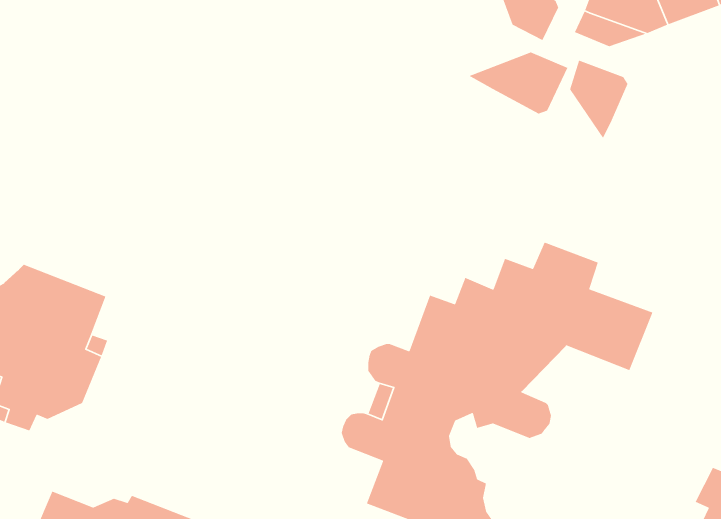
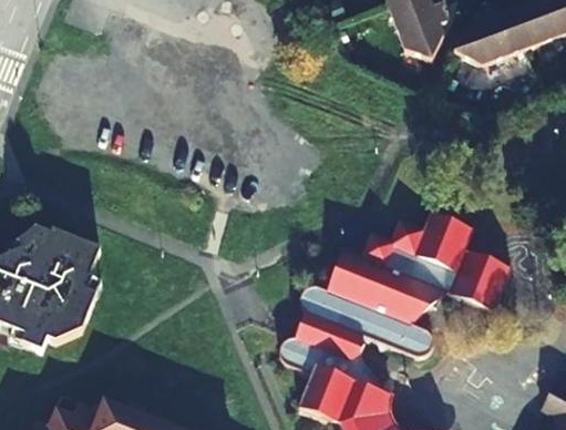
building: [468,51,569,114] -> none
building: [569,60,629,140] -> none

